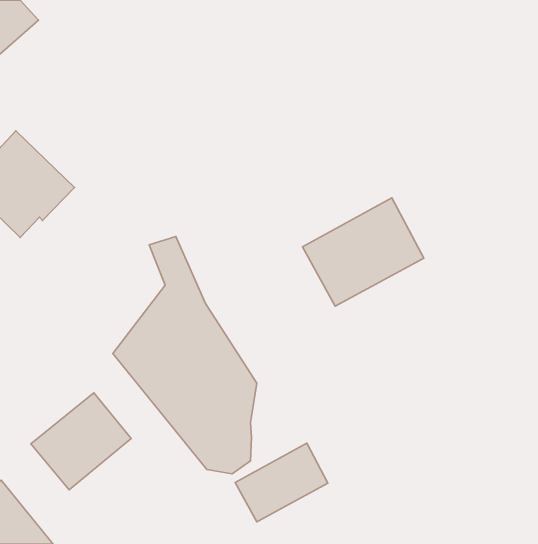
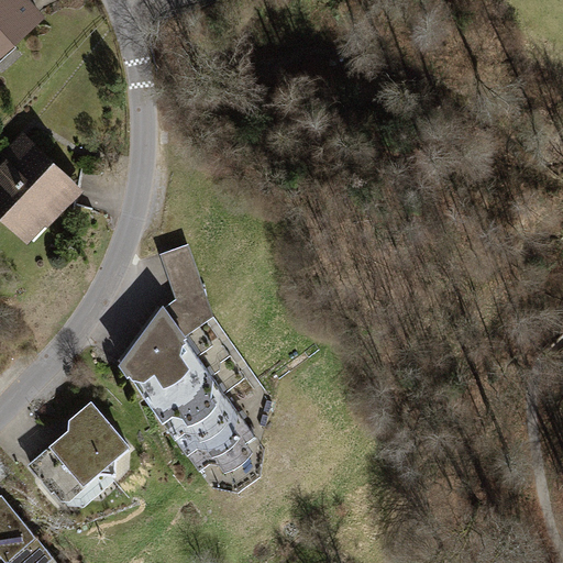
building: [302,198,424,306] -> none
building: [235,443,328,522] -> none

